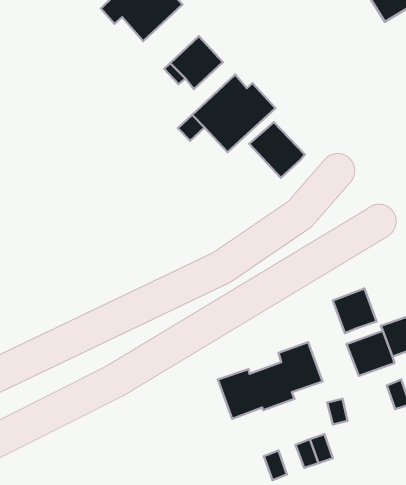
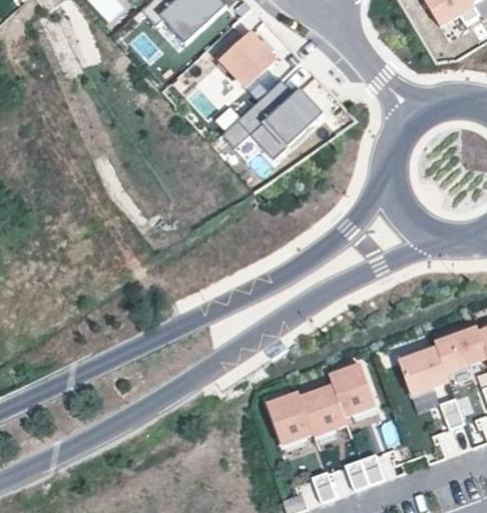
building: [249,122,305,178] -> none
building: [333,289,377,333] -> none

